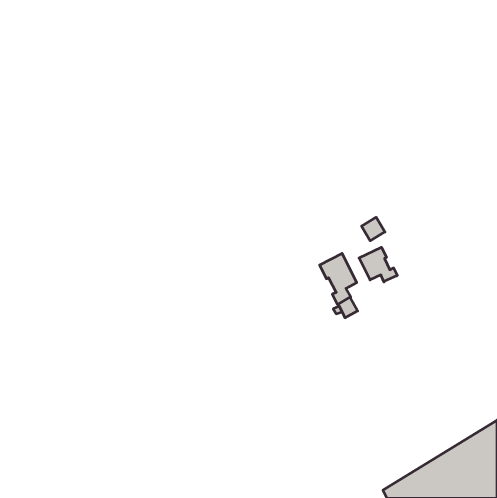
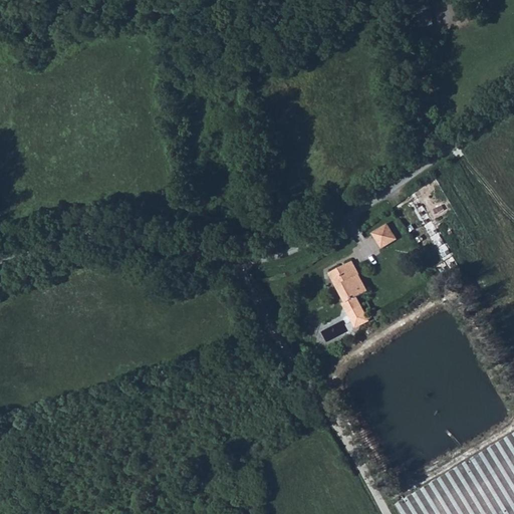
building: [359,247,397,282] -> none

